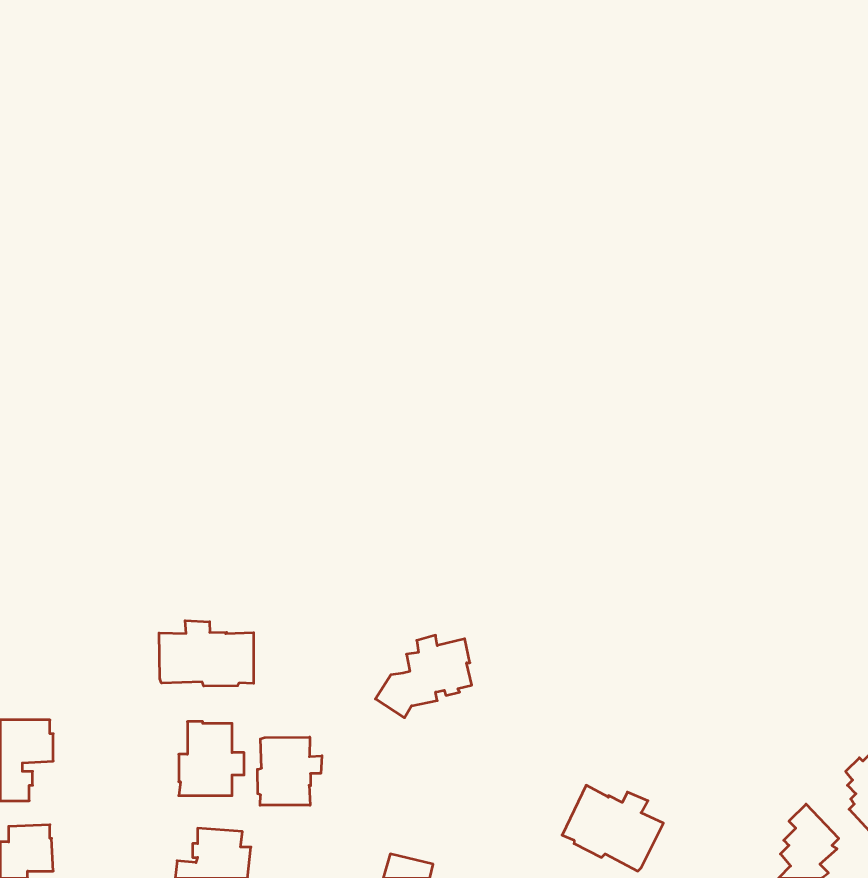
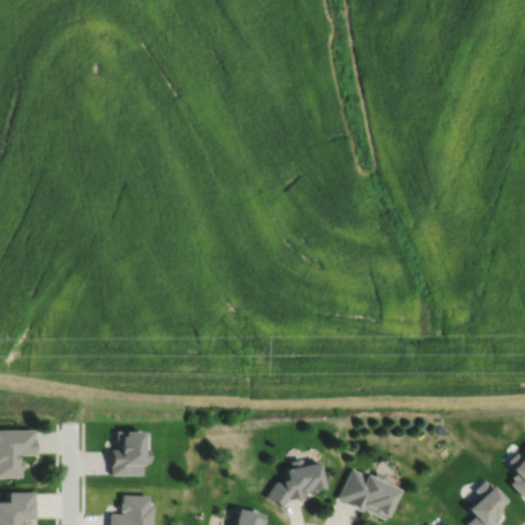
building: [159,621,254,686] -> none
building: [375,635,472,718] -> [269,458,326,508]
building: [257,737,322,805] -> none

